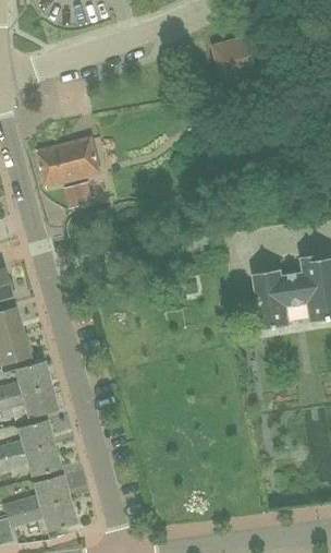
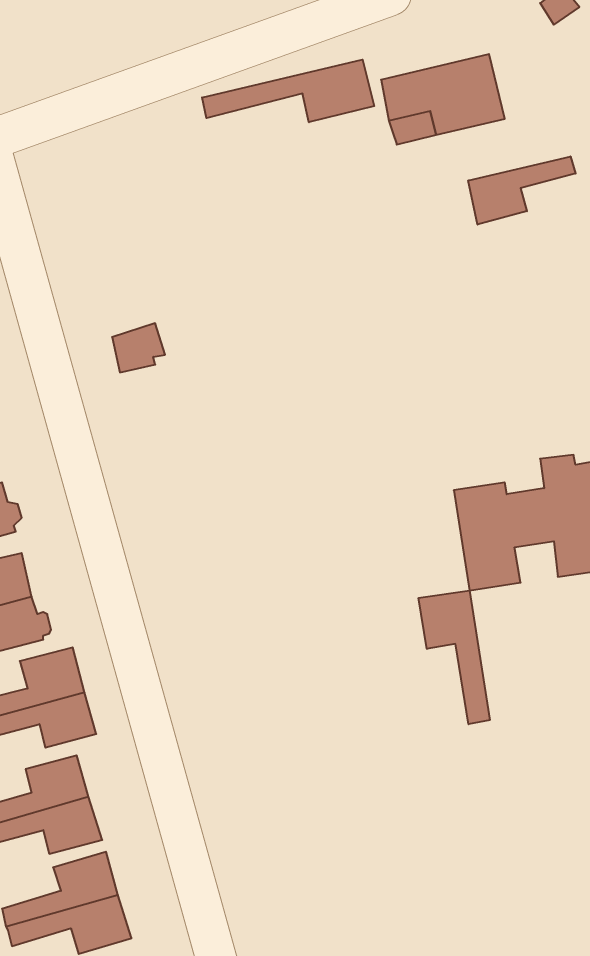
building: none -> [202,60,374,122]
building: none -> [468,156,576,225]
building: [37,136,99,185] -> none
building: none -> [419,590,490,724]

